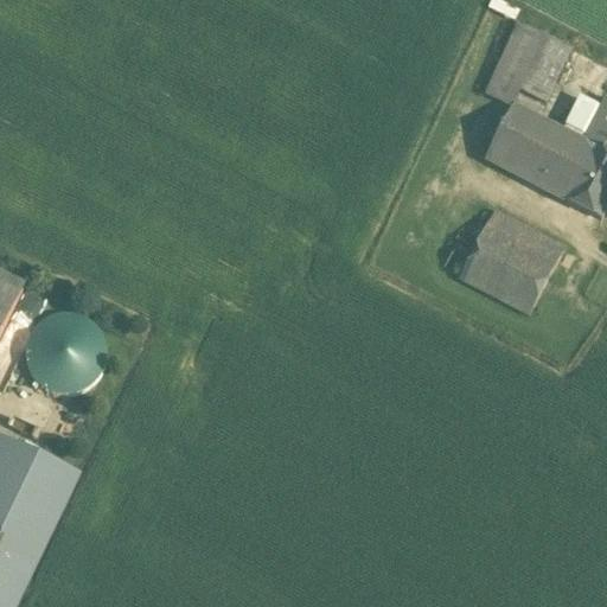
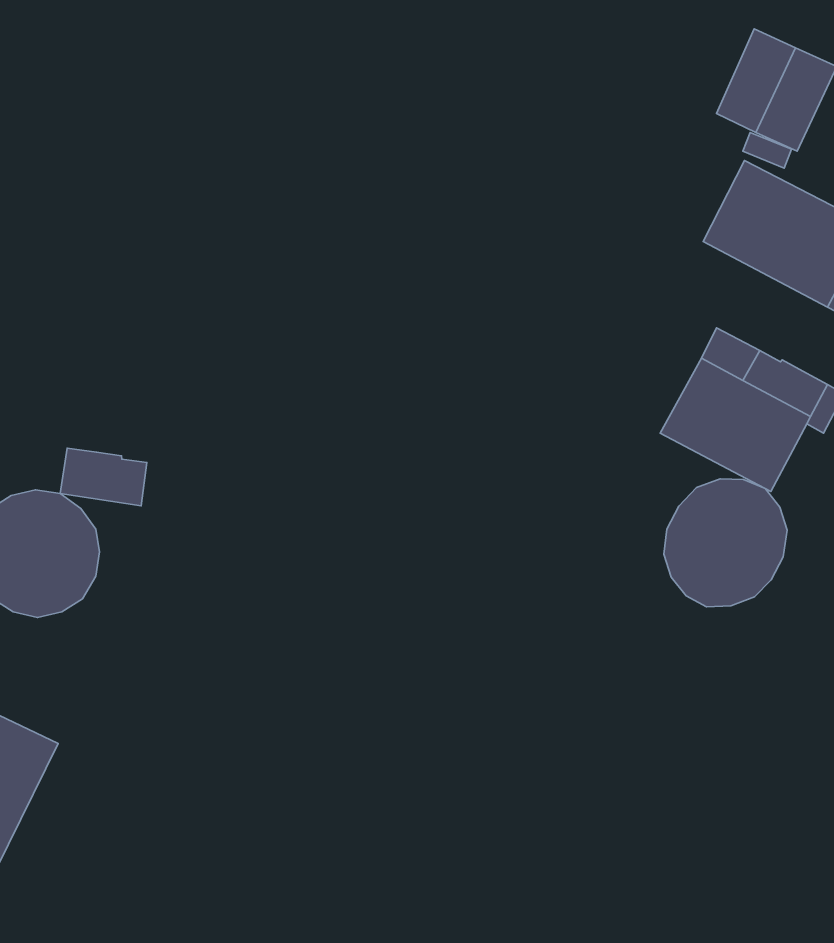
building: none -> [60,448,147,506]
building: none -> [664,479,787,607]

